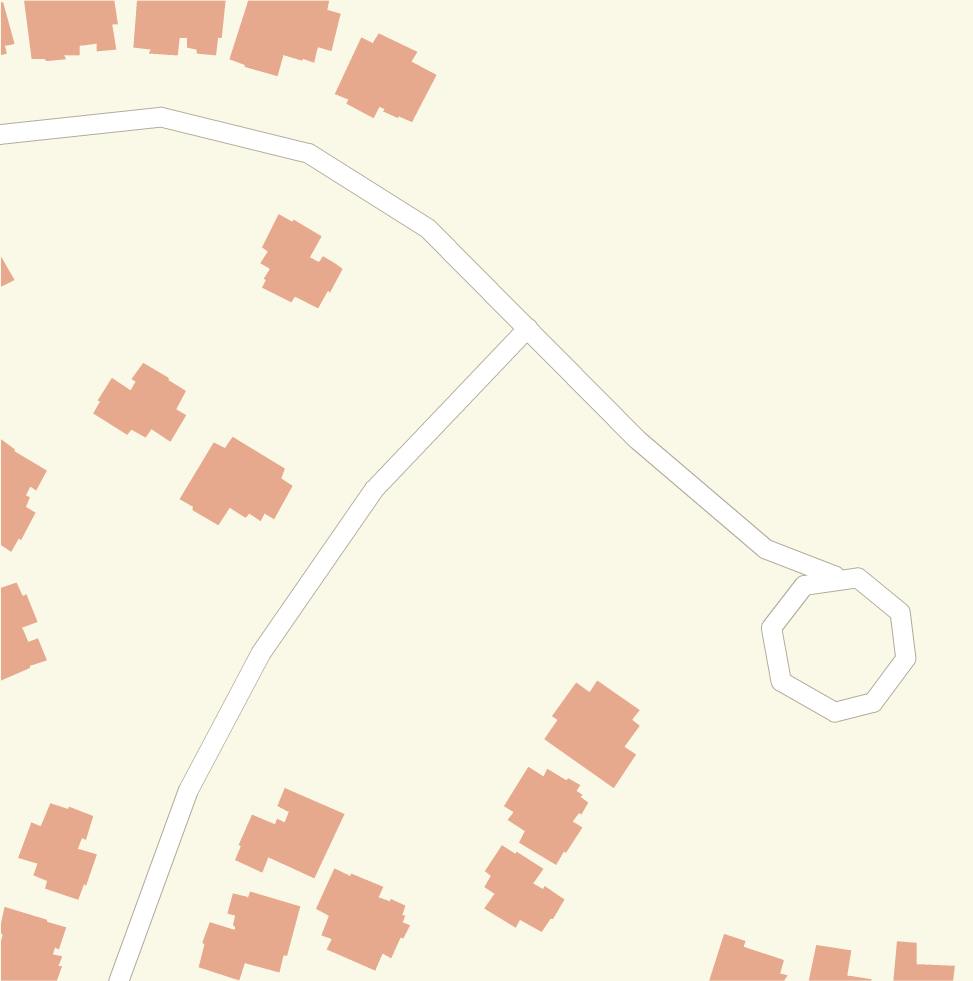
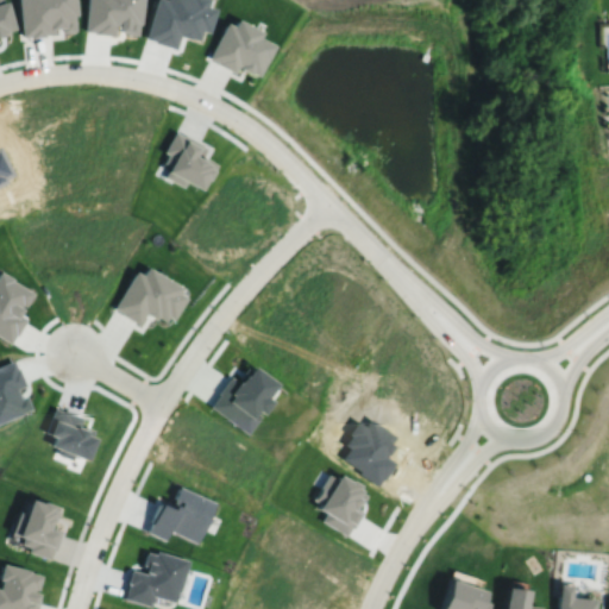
building: [92,362,187,443] -> none
building: none -> [212,365,278,433]
building: none -> [48,408,99,462]
building: [483,844,566,933] -> none
building: [315,868,411,972] -> none

